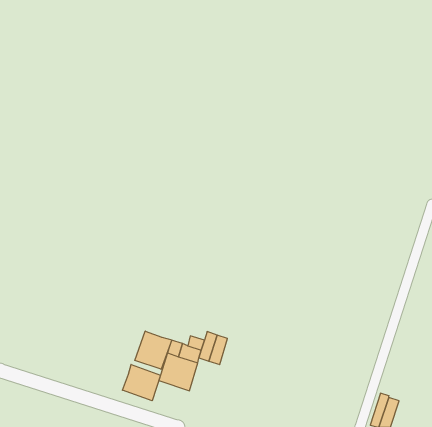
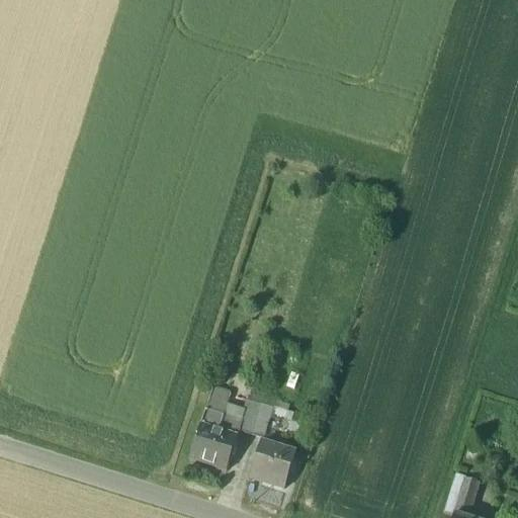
building: [135,331,172,369] -> none
building: [122,364,161,401] -> none
building: none -> [249,440,295,486]

